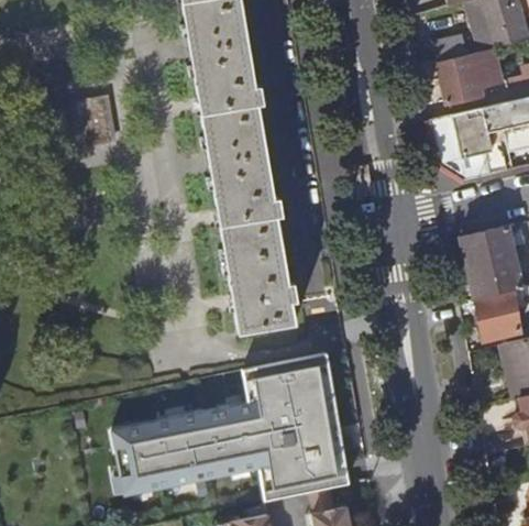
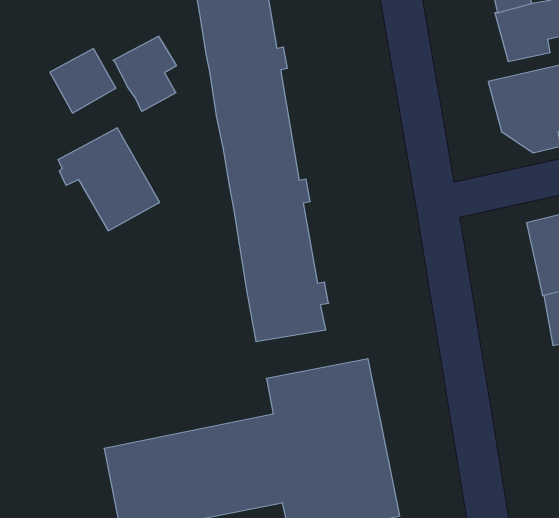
building: none -> [113,36,176,111]
building: none -> [58,128,160,231]

